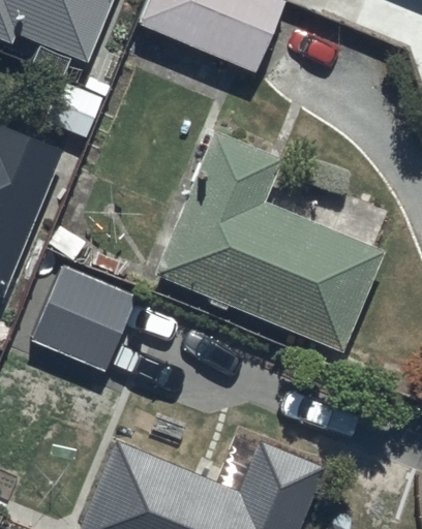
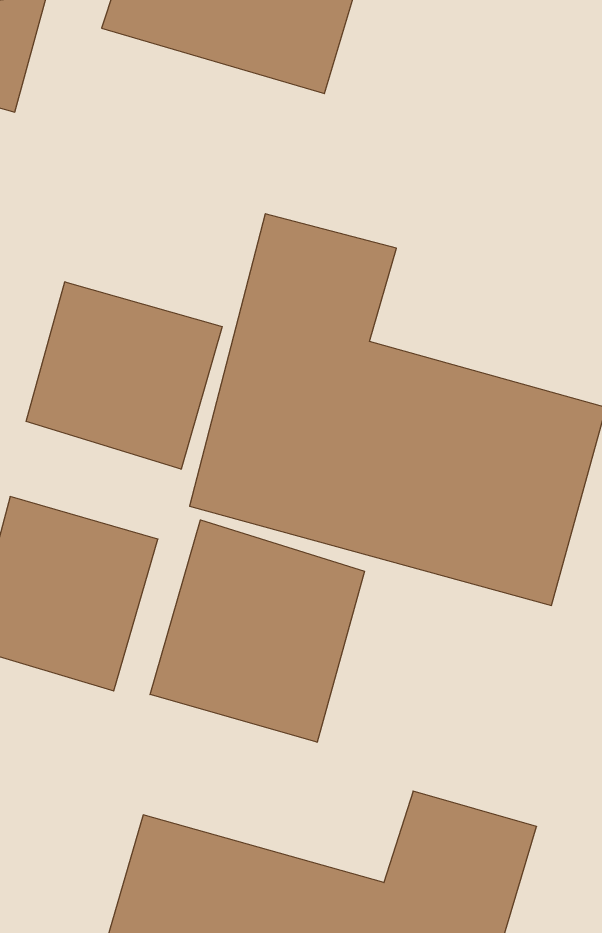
building: none -> [26,282,222,469]
building: none -> [150,520,365,742]

